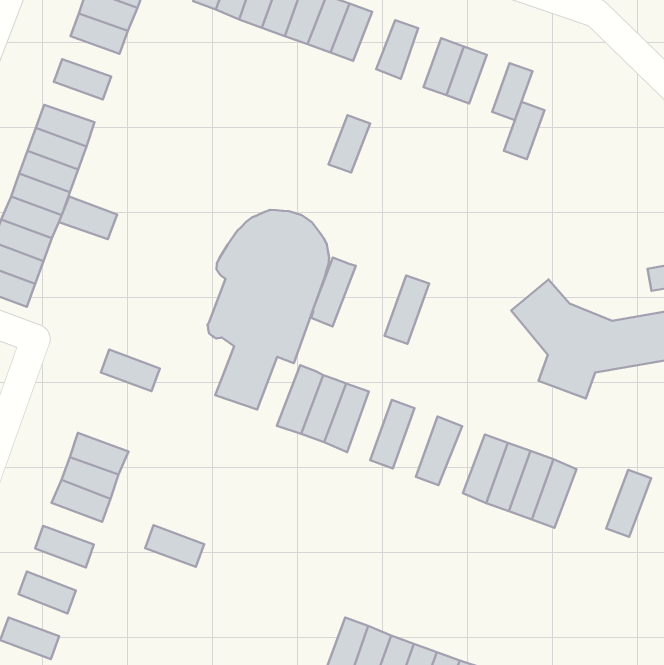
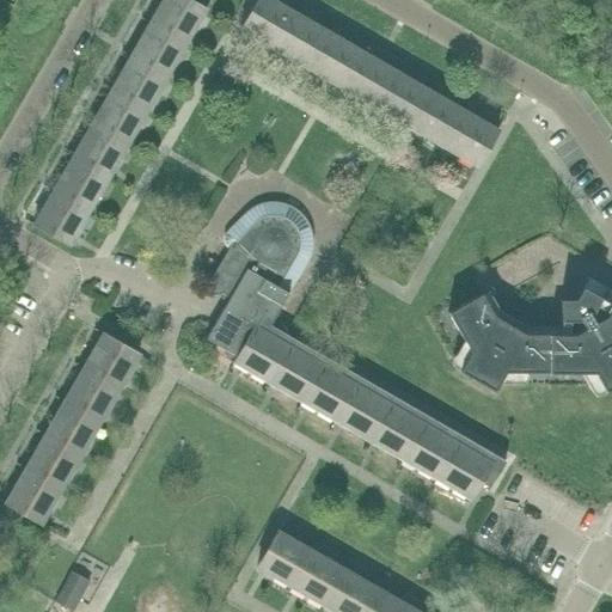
building: none -> [394,79,432,126]
building: none -> [133,38,178,75]
building: none -> [112,72,159,109]
building: [504,102,544,159] -> [445,109,482,154]
building: [328,115,370,173] -> [360,60,398,105]
building: [59,196,117,239] -> none
building: [311,257,356,326] -> [235,317,277,371]
building: [385,275,429,344] -> [302,356,344,410]
building: [101,350,160,391] -> [94,332,141,371]
building: none -> [336,375,378,429]
building: none -> [369,396,412,448]
building: [606,470,651,537] -> [454,445,496,497]
building: [145,525,204,567] -> [55,400,102,439]
building: none -> [36,434,82,472]
building: none -> [16,467,62,506]

